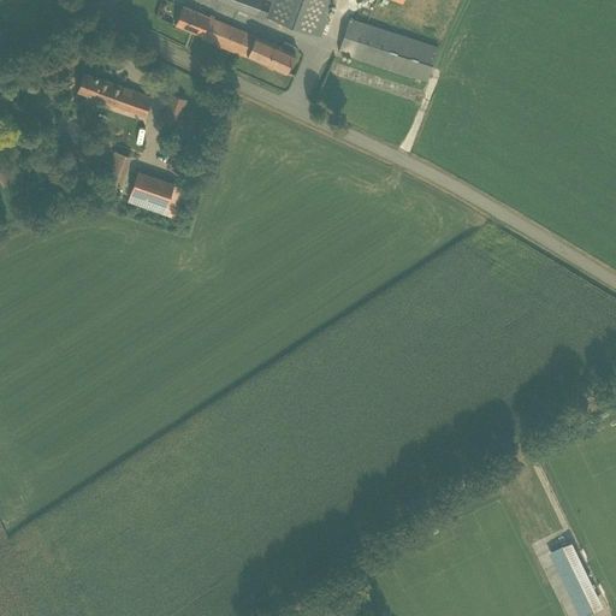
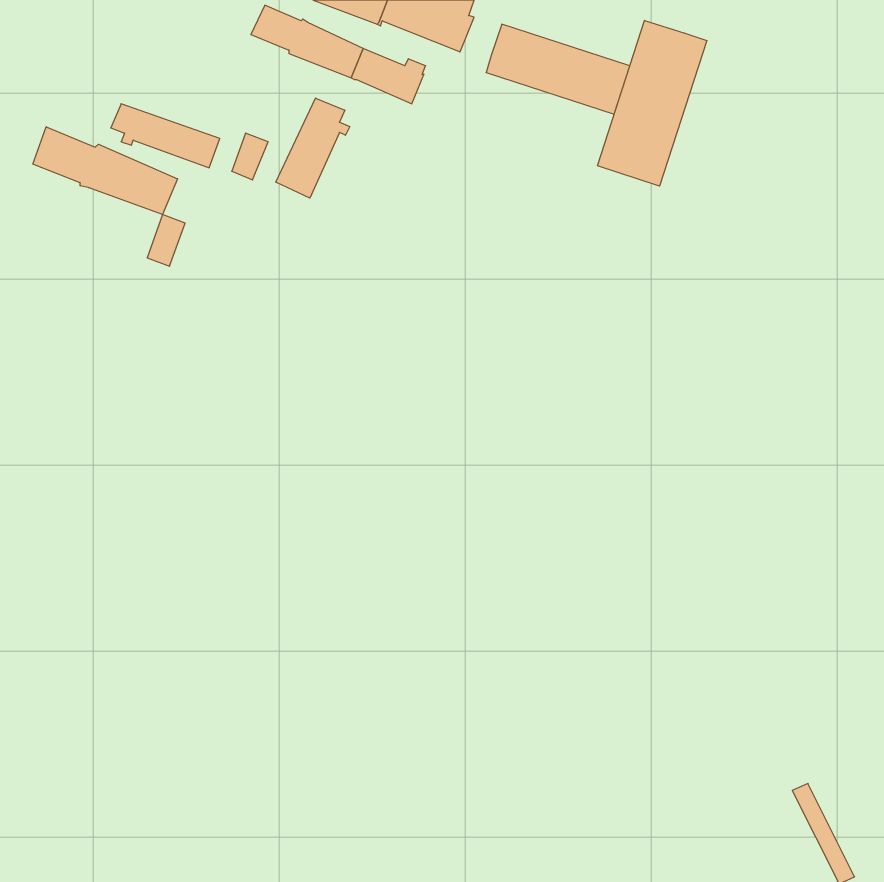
building: none -> [597,20,707,186]
building: none -> [276,98,350,198]
building: none -> [33,127,178,214]
building: [130,171,174,206] -> none

